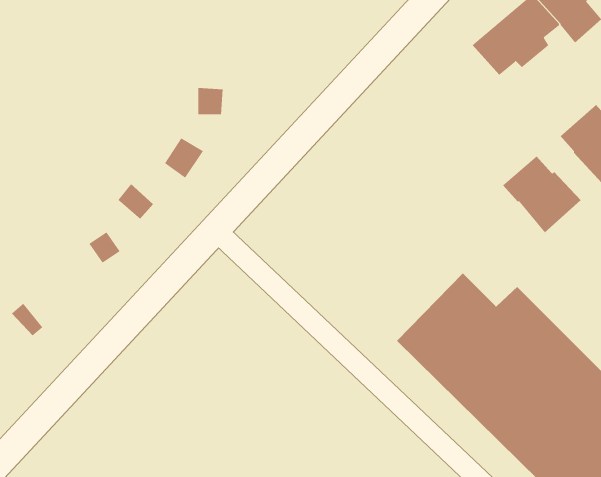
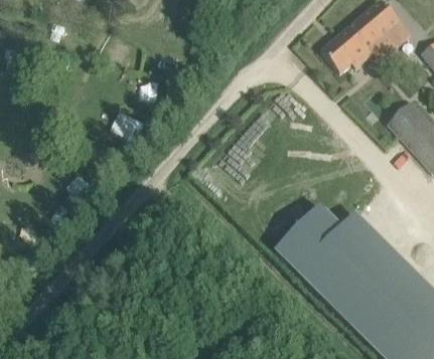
building: [502,156,582,233] -> none

